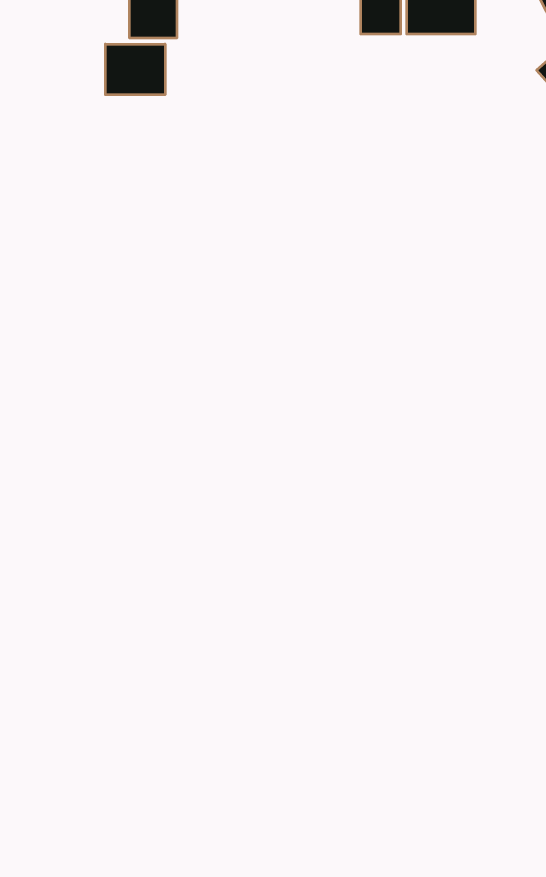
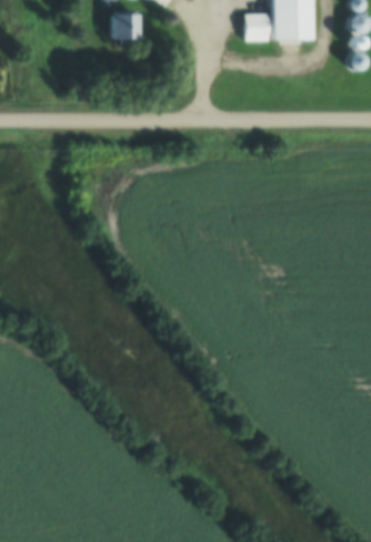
building: [105,44,165,95] -> none

